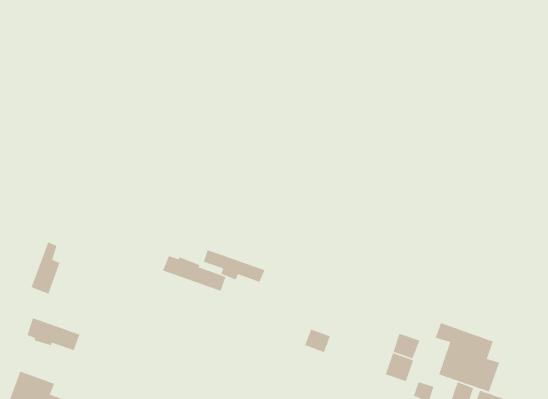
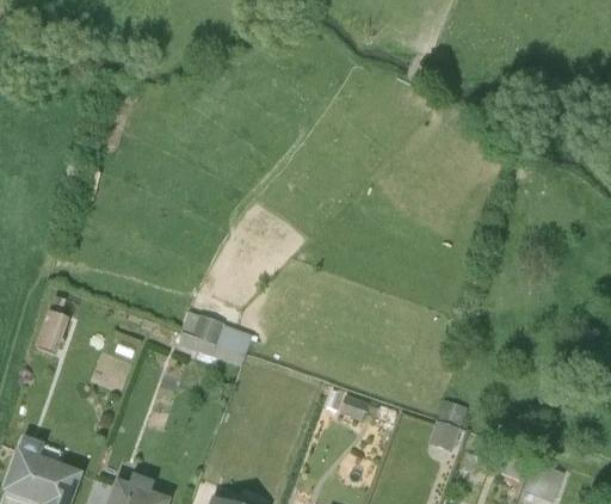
building: [203,249,265,283] -> [178,327,247,364]
building: [26,317,80,351] -> none
building: [434,322,500,392] -> none

